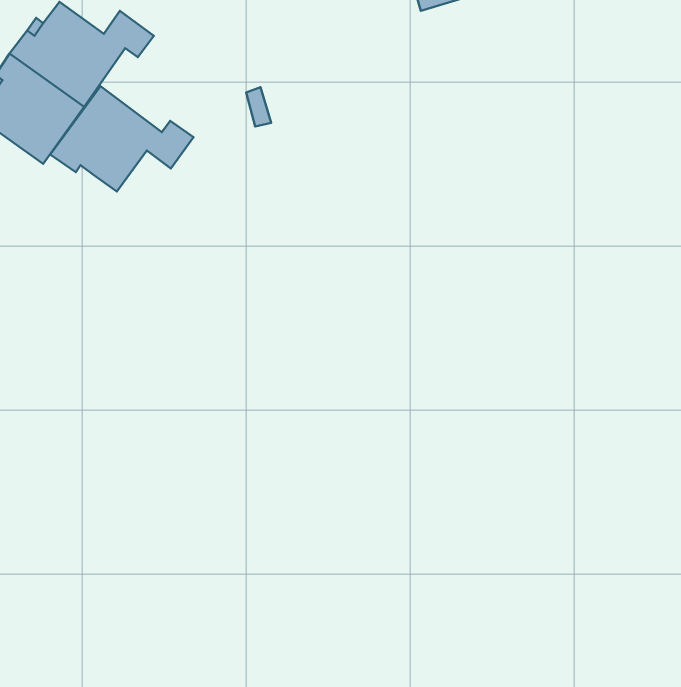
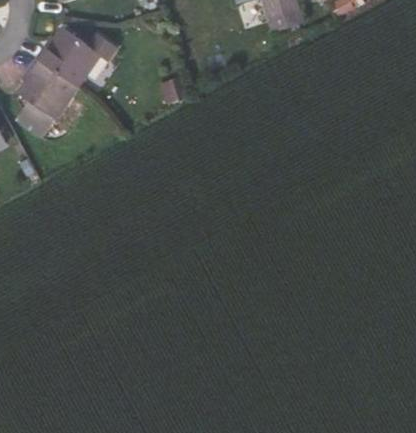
building: [50,86,193,191] -> none

